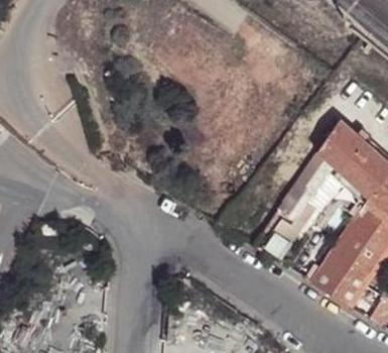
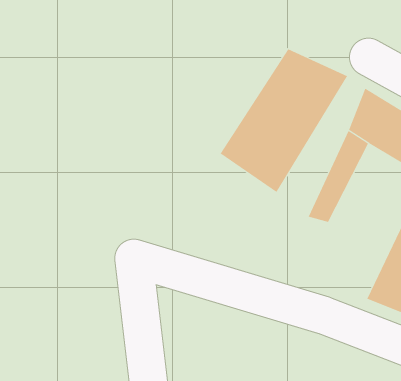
building: none -> [220,49,348,193]

